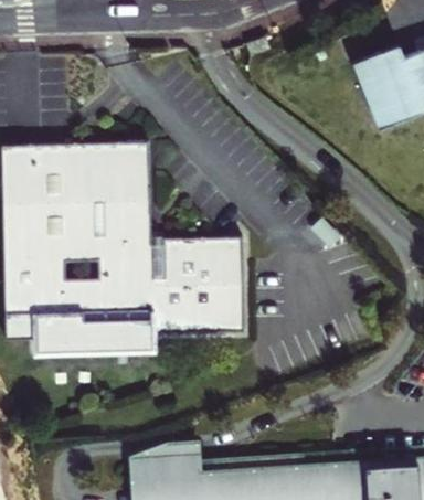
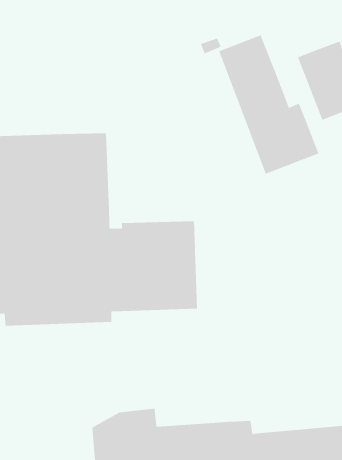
building: none -> [218,34,319,174]

